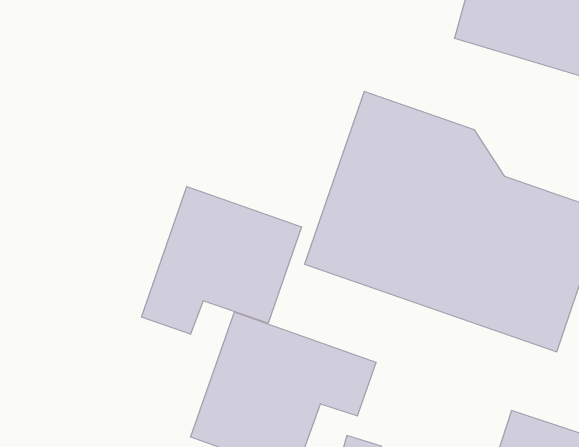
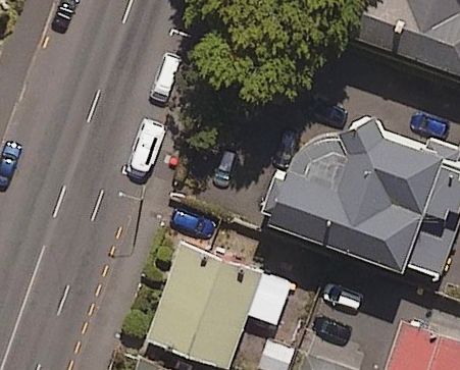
building: [142,186,302,334] -> none

